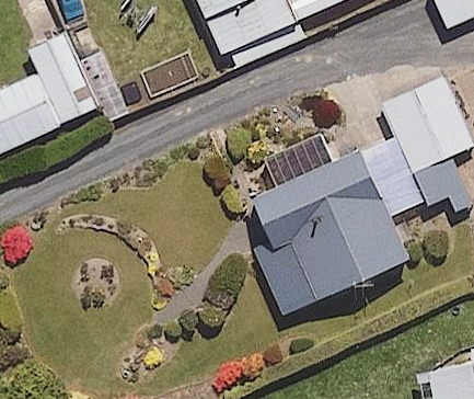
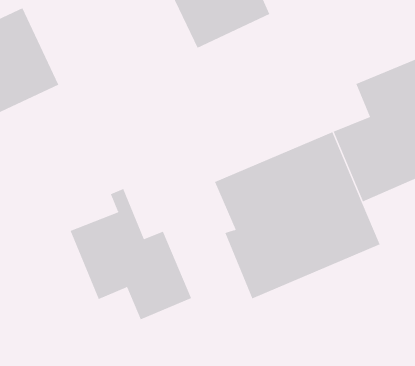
building: none -> [70,188,192,320]

